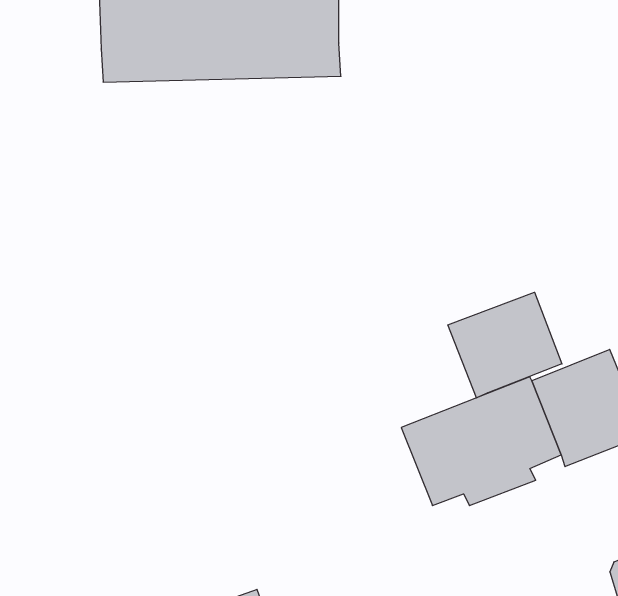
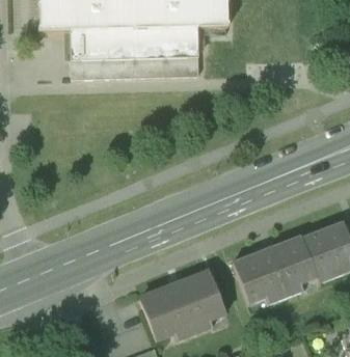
building: [448,292,562,398] -> none
building: none -> [140,270,225,339]

